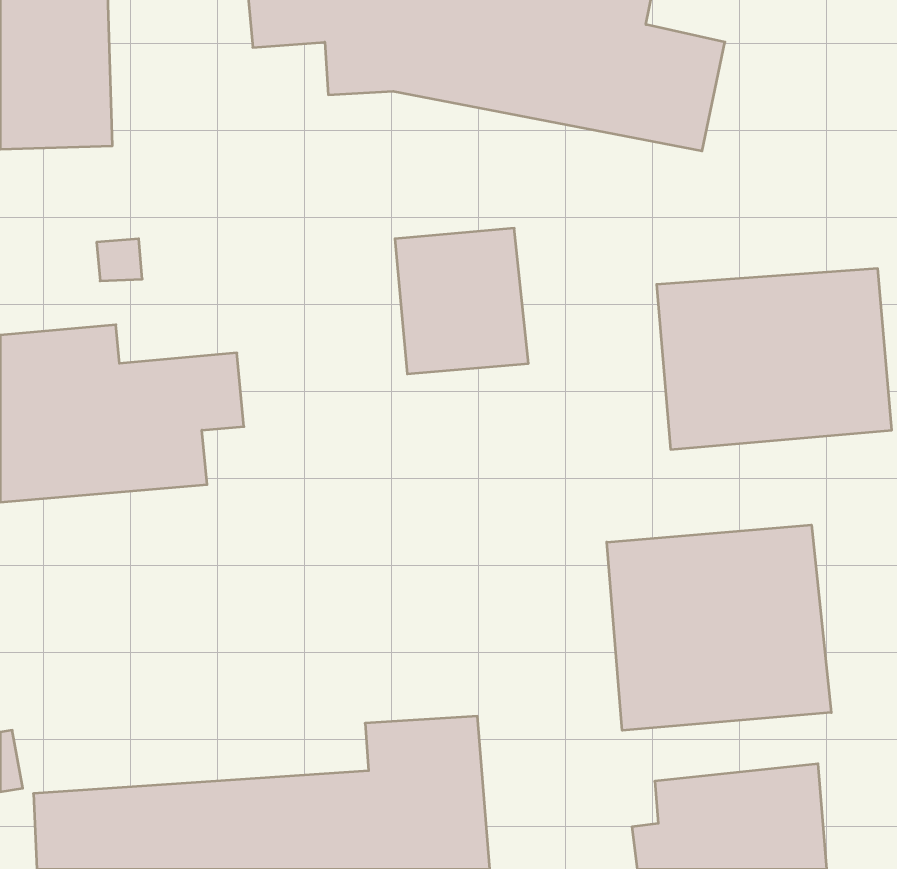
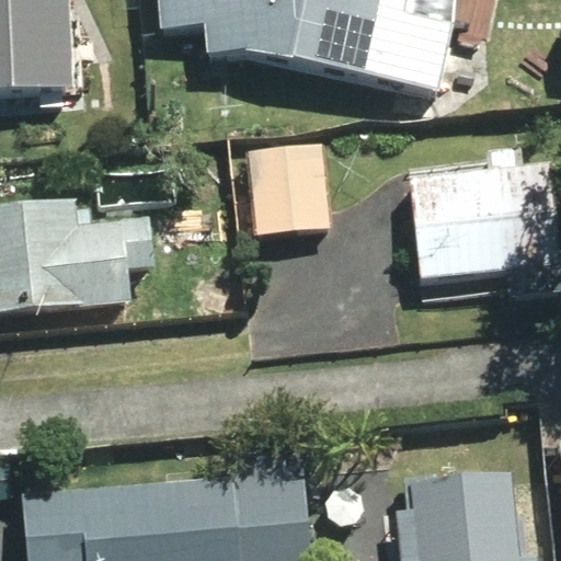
building: [607,525,831,730] -> none

